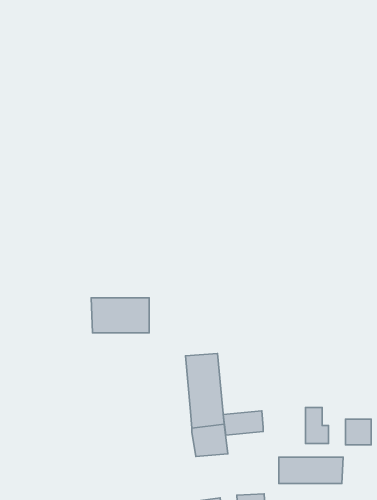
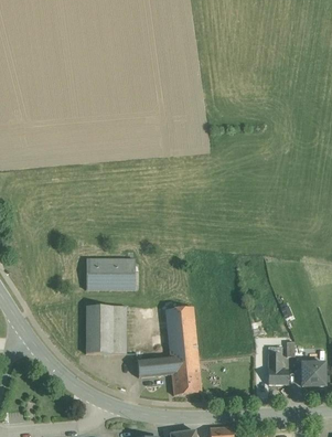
building: none -> [86,305,127,352]
building: [223,411,263,435] -> [137,355,171,376]
building: [279,457,343,483] -> none

